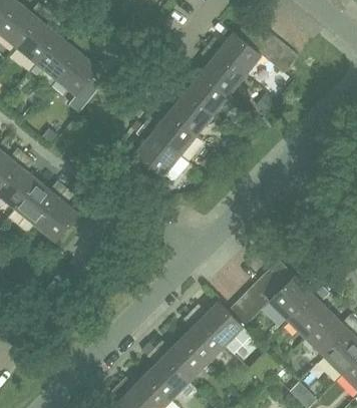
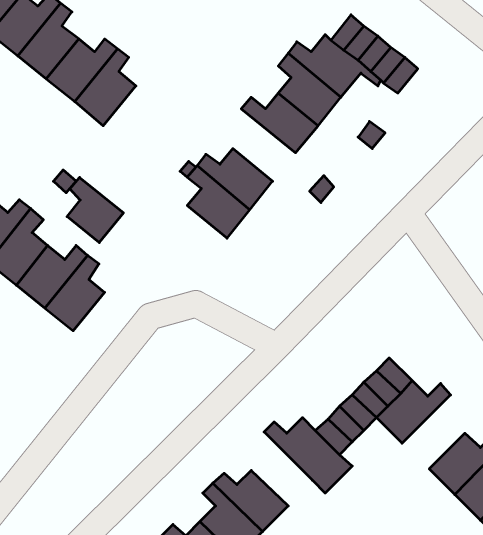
building: [166,85,212,136] -> none
building: none -> [67,177,123,243]
building: [287,287,331,339] -> none
building: [181,313,224,365] -> none

